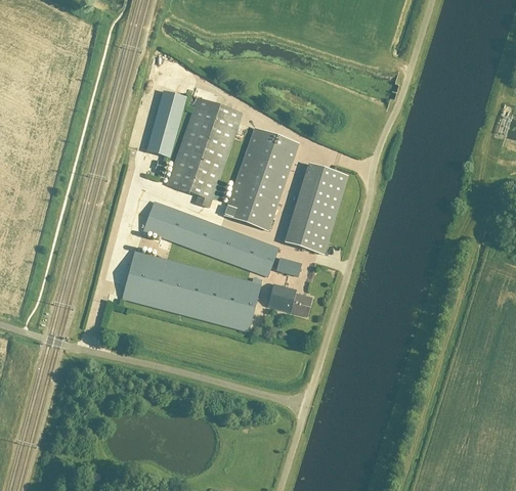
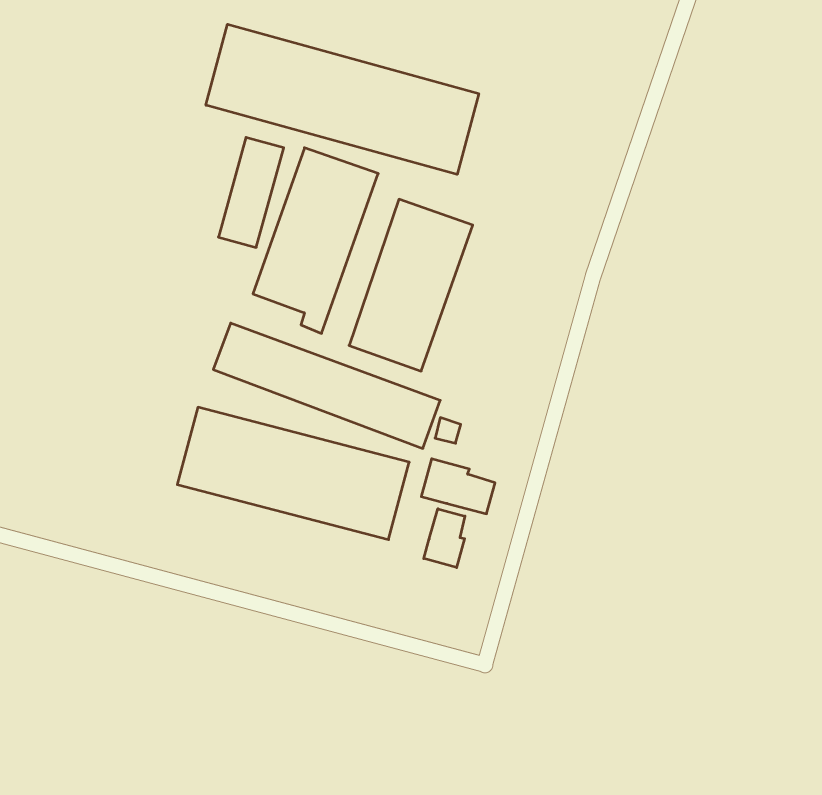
building: none -> [206,24,479,174]
building: [293,164,347,254] -> none
building: none -> [424,509,465,568]

